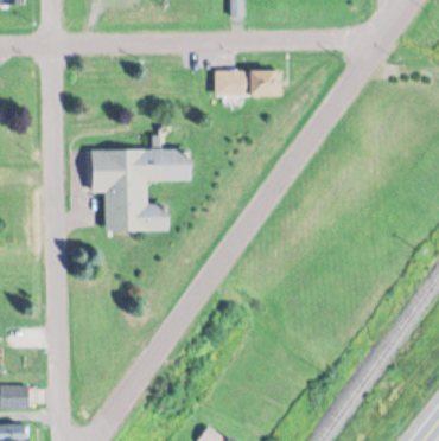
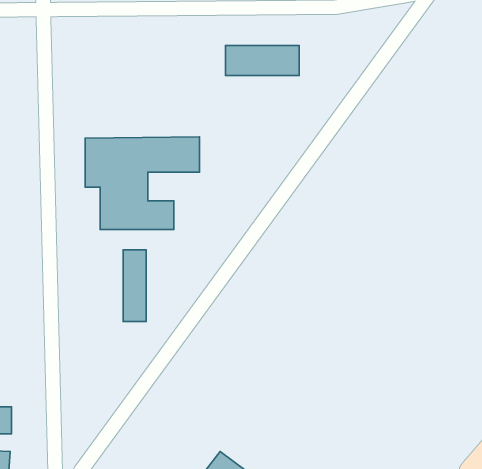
building: none -> [123,250,146,321]

